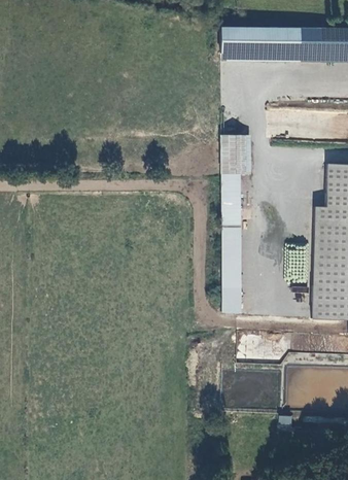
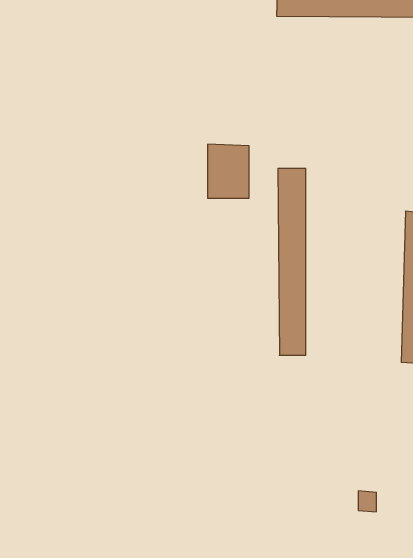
building: [220,135,251,175] -> [208,144,249,198]

